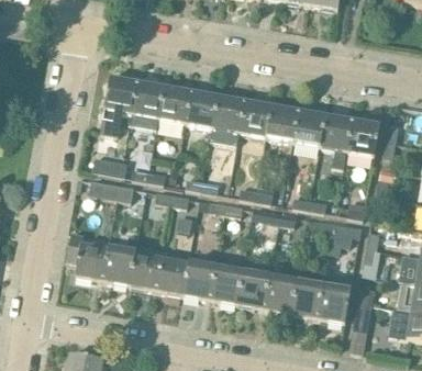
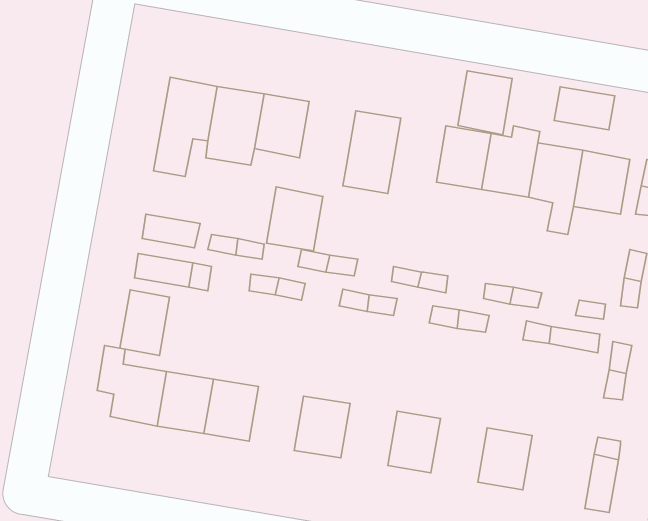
building: none -> [554,87,615,130]
building: [185,90,218,127] -> [267,187,323,251]
building: [238,100,270,137] -> [458,71,512,135]
building: none -> [120,290,170,356]
building: [155,257,187,294] -> none
building: [209,257,243,303] -> none
building: [262,262,295,313] -> none
building: [315,273,349,323] -> none

